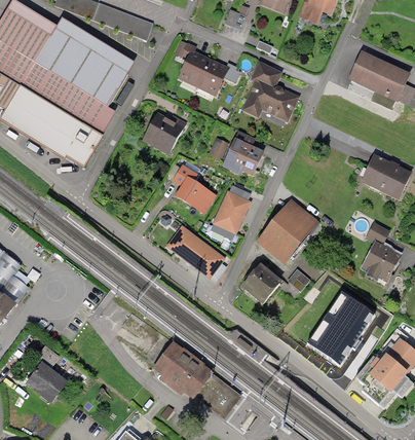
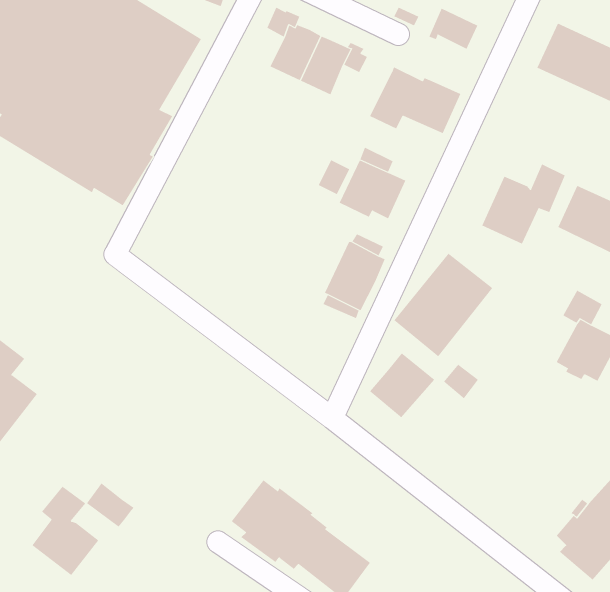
building: [250,61,281,87] -> [428,8,478,50]
building: [142,109,186,155] -> none
building: none -> [482,164,566,245]
building: [172,160,217,214] -> none
building: [165,225,225,280] -> none
building: [306,290,375,364] -> none
building: none -> [86,482,135,528]

